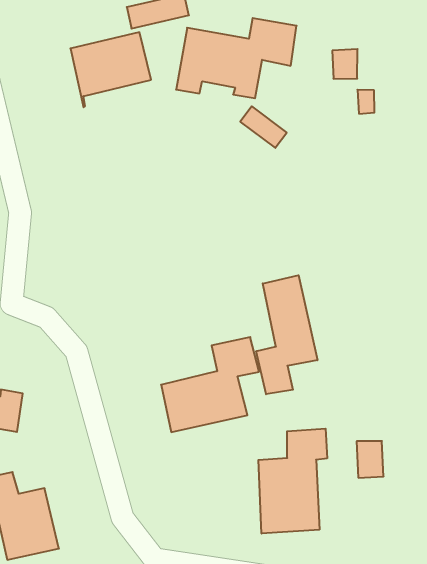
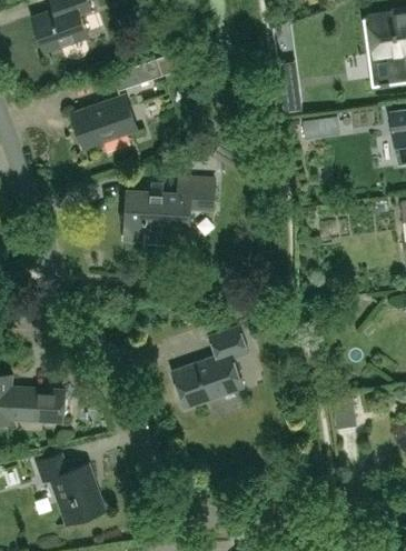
building: [176,18,297,98] -> [125,179,215,243]
building: [256,275,317,394] -> none
building: [258,429,327,534] -> none

